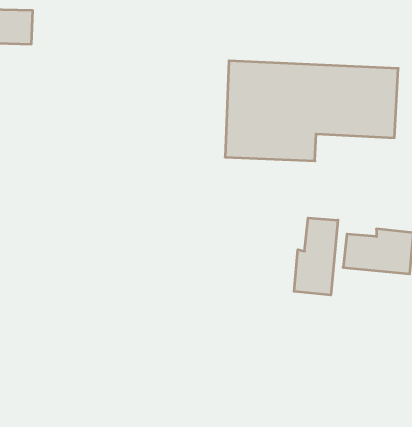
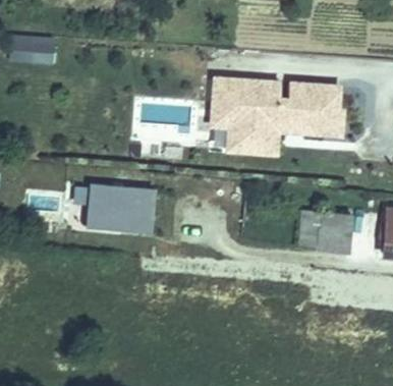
building: none -> [68,184,153,234]
building: [294,218,338,295] -> none

